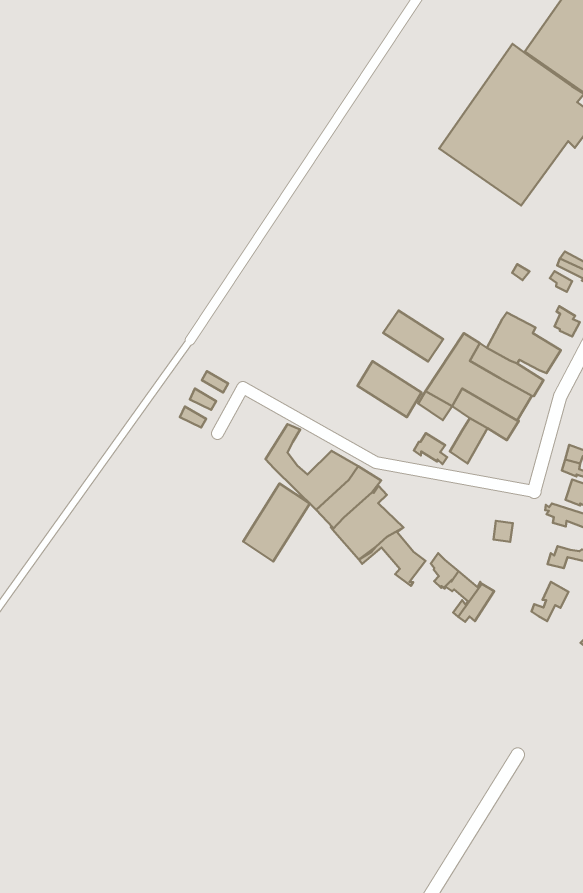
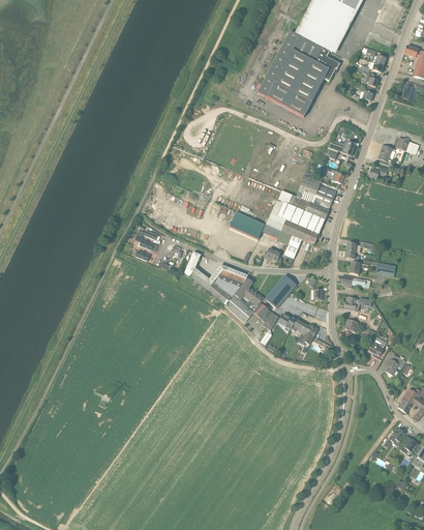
building: [383,310,443,361] -> none
building: [243,483,310,562] -> none
building: none -> [266,274,298,308]

